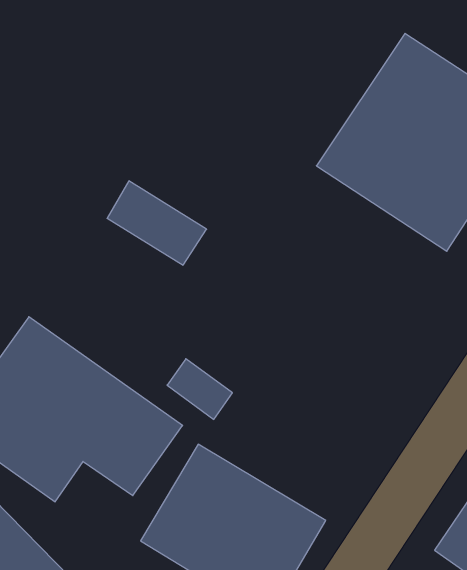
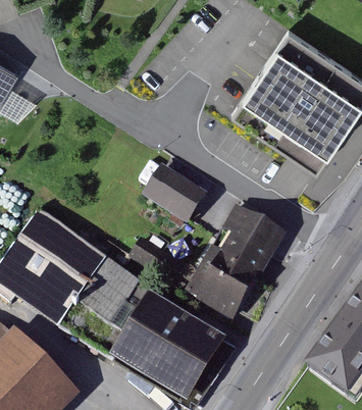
building: [107,181,207,265] -> [146,168,211,223]
building: none -> [191,204,291,318]

